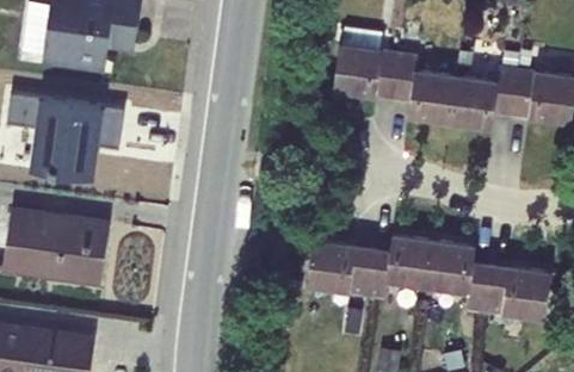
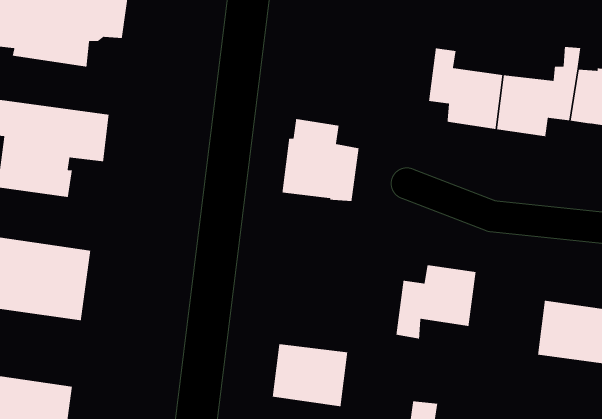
building: [333,29,399,99] -> [281,118,359,202]
building: [307,241,371,296] -> [272,342,348,407]
building: [427,242,490,312] -> none

